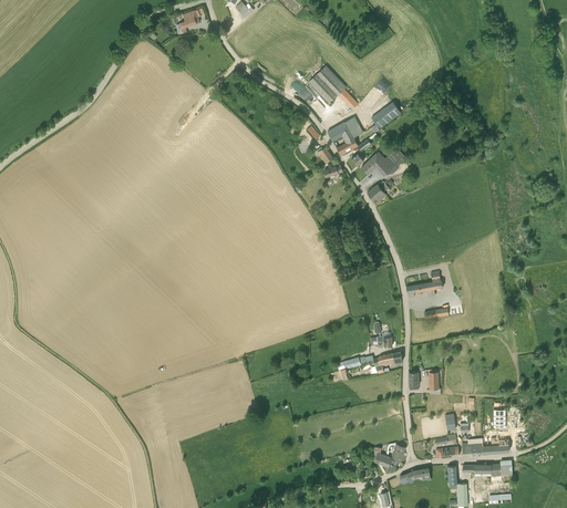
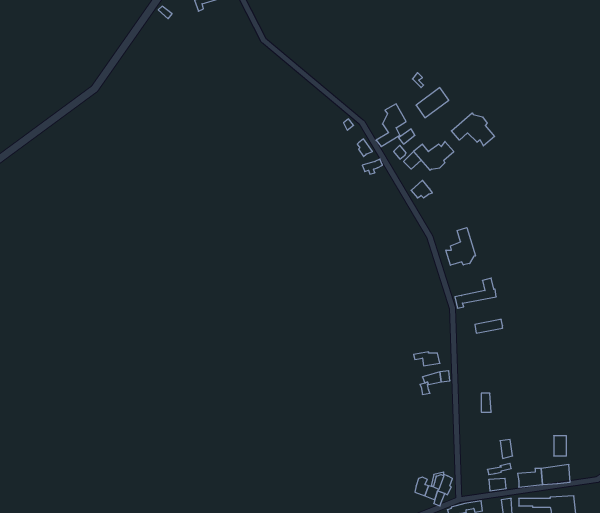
building: [308,65,357,108] -> none
building: none -> [451,113,495,146]
building: none -> [446,228,475,265]

